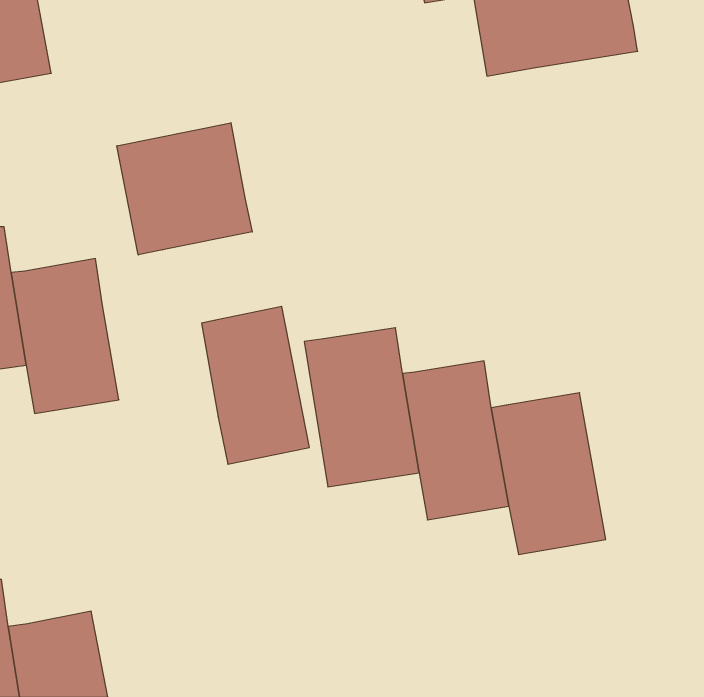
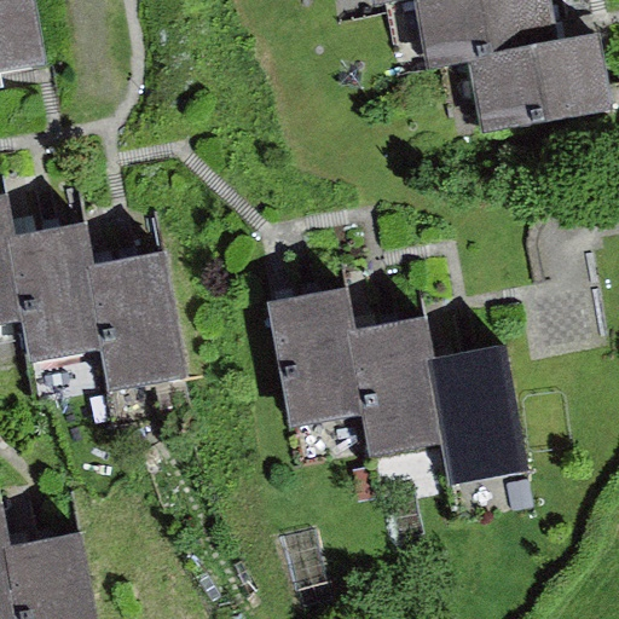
building: none -> [467,37,611,129]
building: [117,123,252,255] -> none
building: [202,306,309,464] -> [89,253,184,391]

